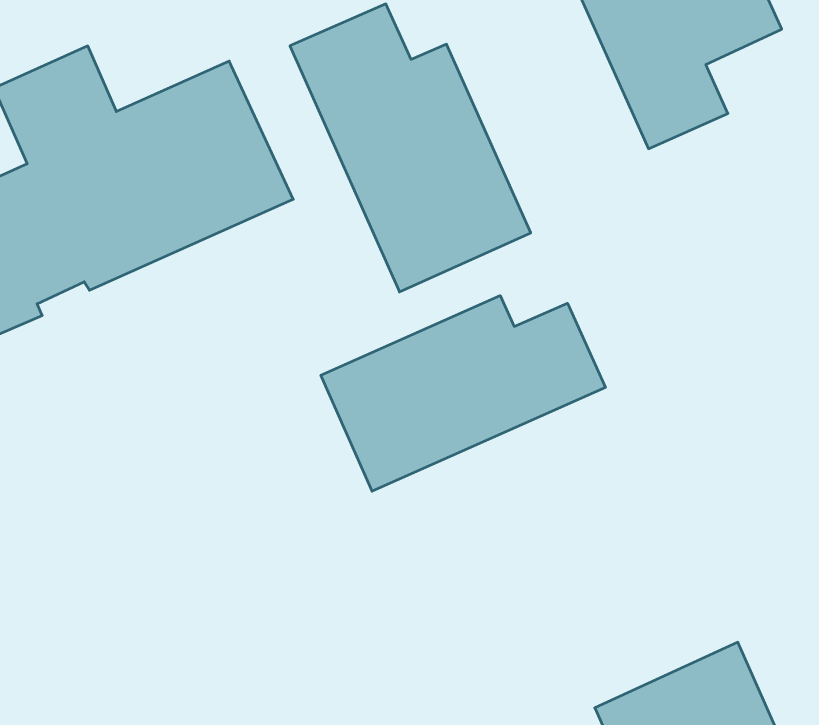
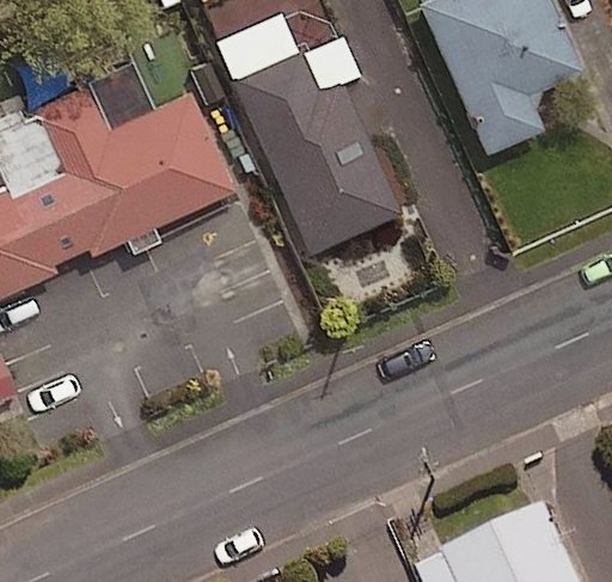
building: [321,296,605,491] -> none

